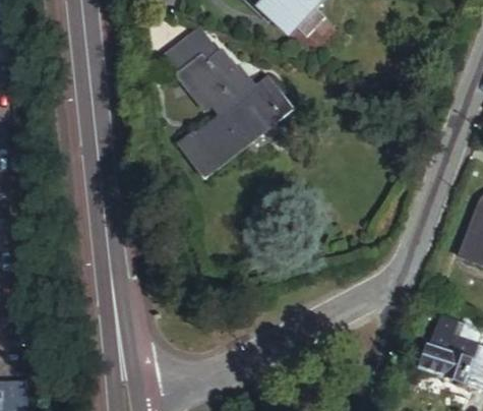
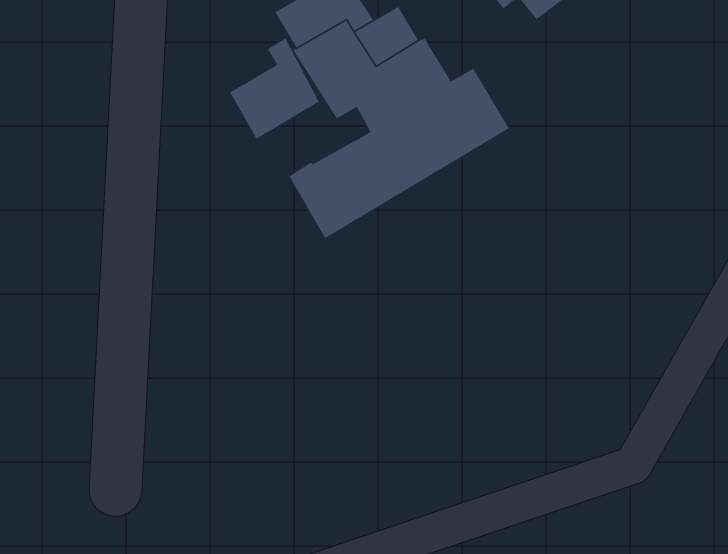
building: none -> [229,38,320,140]

